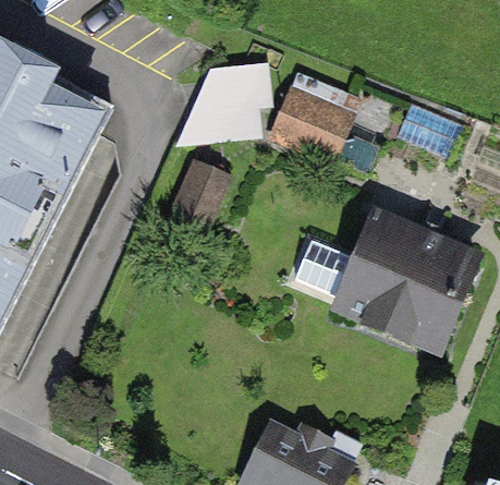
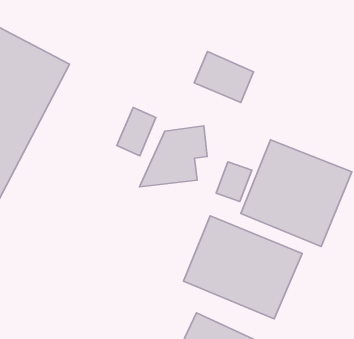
building: [183,63,270,142] -> [139,126,207,187]
building: none -> [183,216,302,319]

